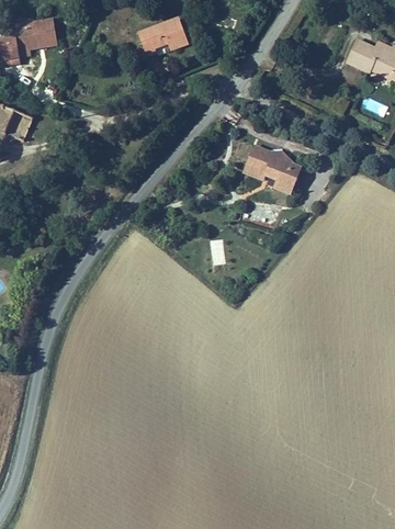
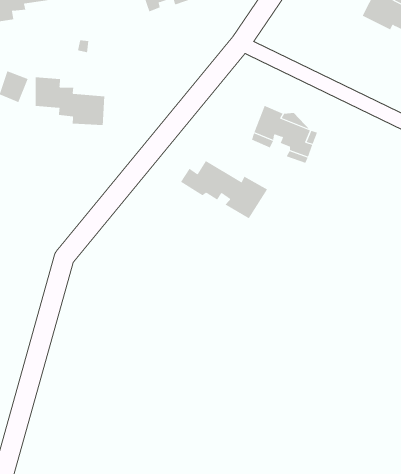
building: none -> [35,77,105,126]
building: none -> [180,160,268,219]

